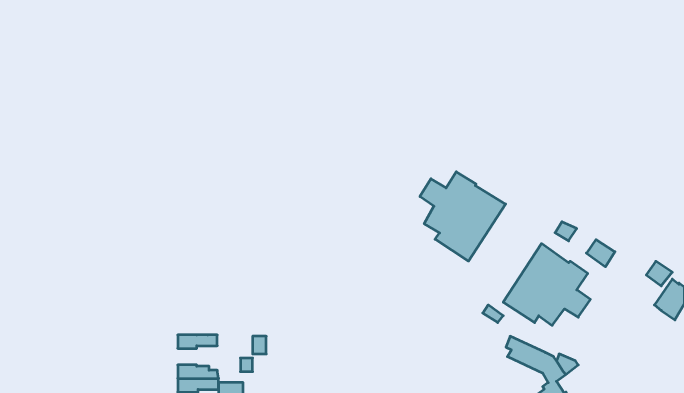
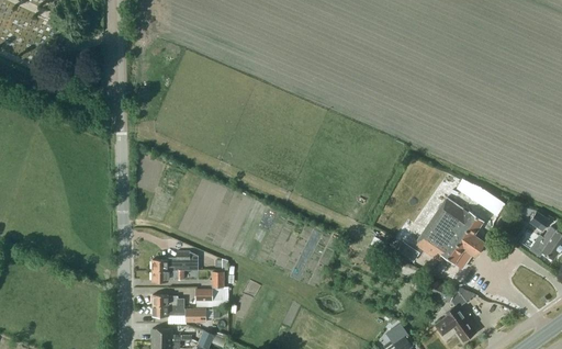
building: [420,172,506,261] -> none
building: none -> [153,251,198,271]

